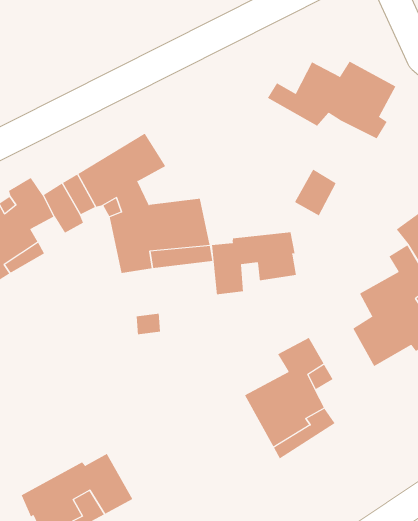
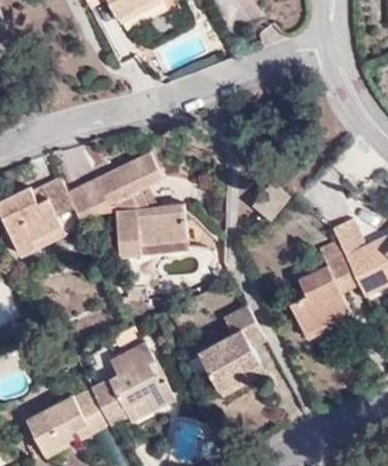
building: [267,61,396,139] -> none
building: [211,231,296,295] -> none
building: none -> [98,340,181,425]

